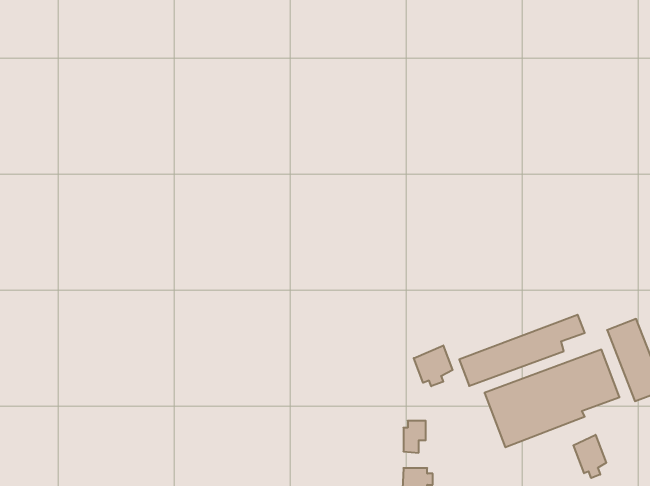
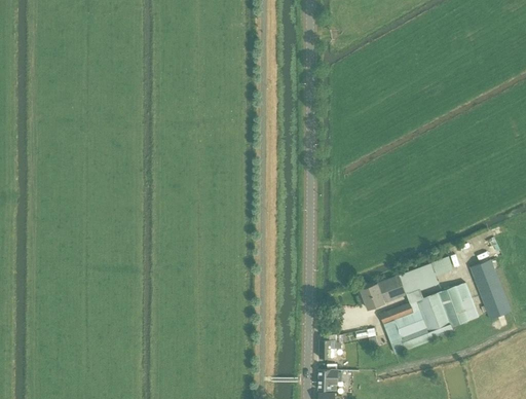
building: [414,345,453,386] -> none
building: [573,435,606,478] -> none

